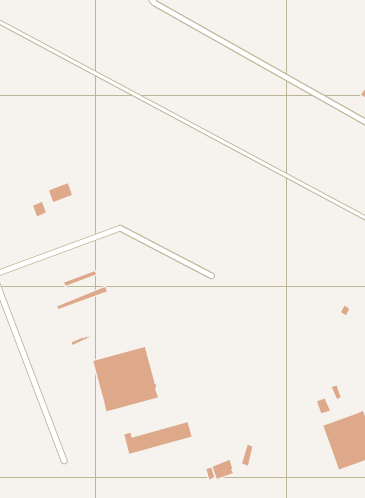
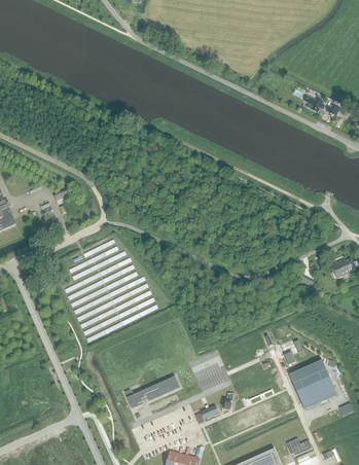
building: [92,346,159,412] -> none

